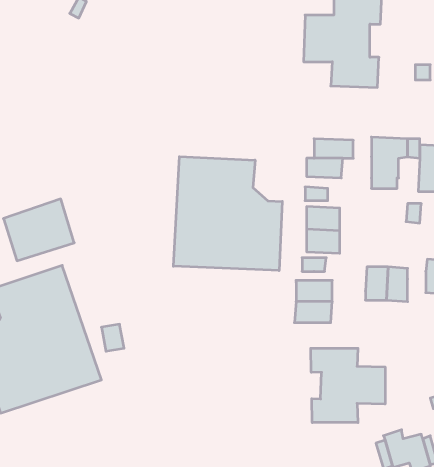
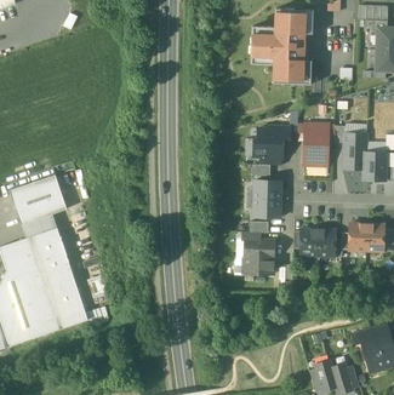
building: [173,157,282,271] -> none
building: [311,348,385,423] -> none

